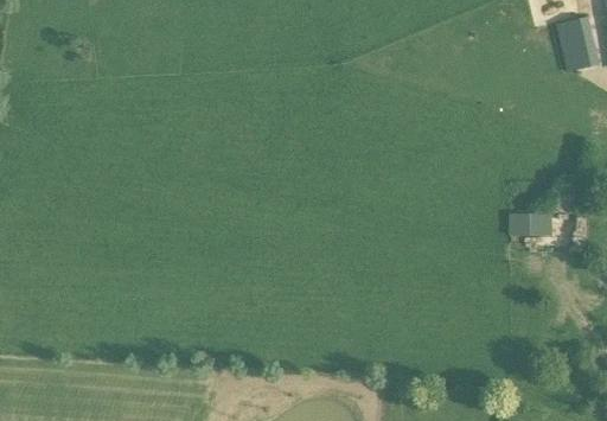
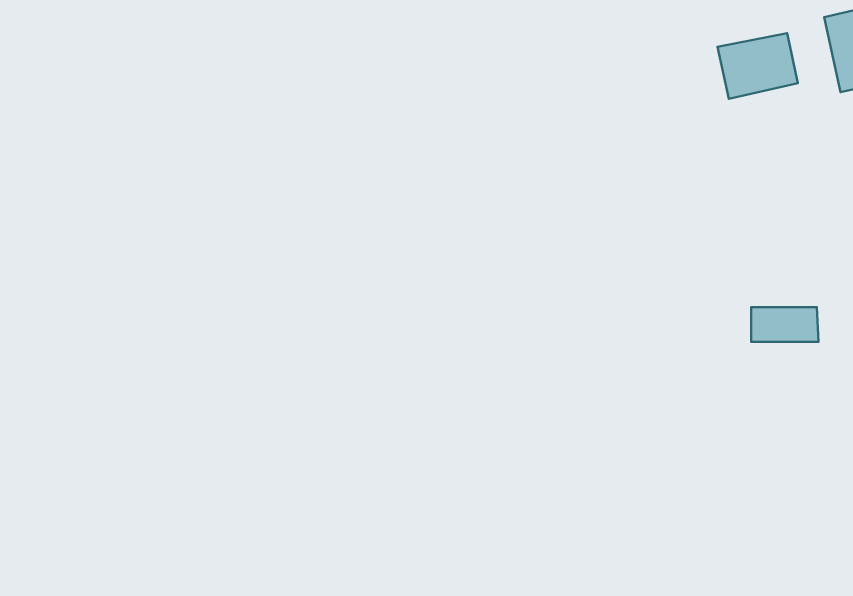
building: none -> [717,33,798,99]

